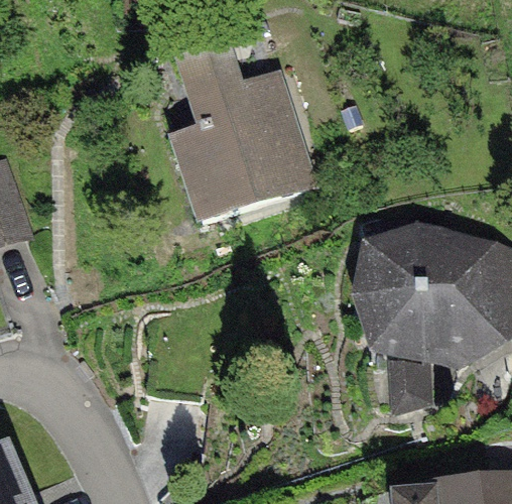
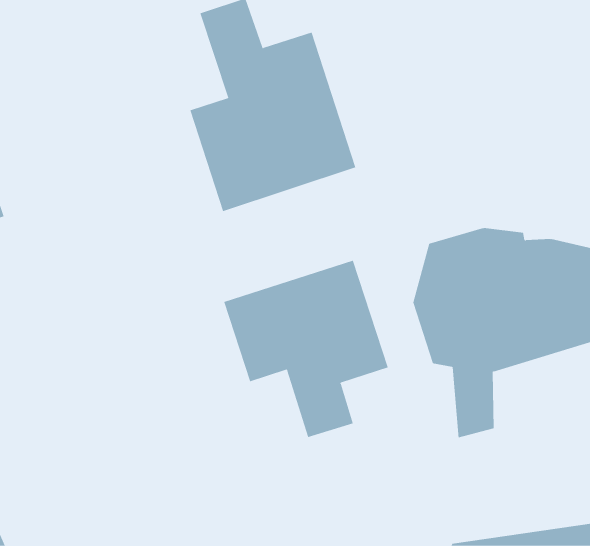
building: none -> [223,260,389,438]

